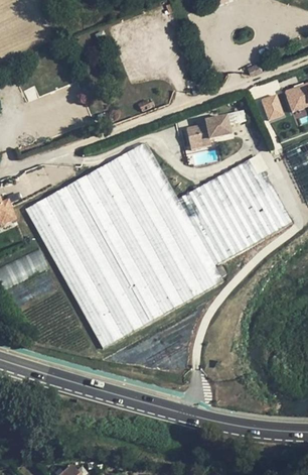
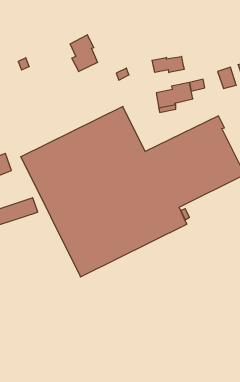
building: none -> [70,35,98,72]
building: none -> [152,56,184,73]

